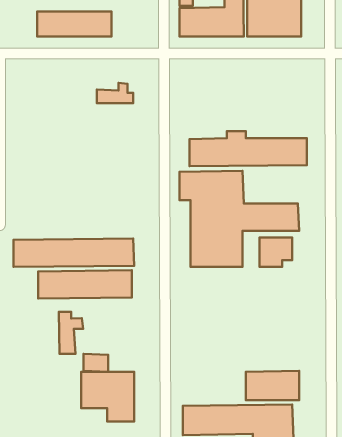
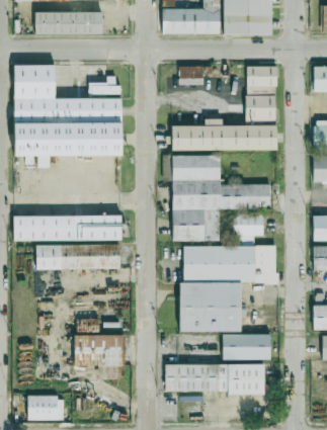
building: none -> [14,65,122,168]
building: none -> [179,66,212,85]
building: none -> [246,66,276,121]
building: none -> [179,246,277,332]
building: [59,312,83,354] -> none

